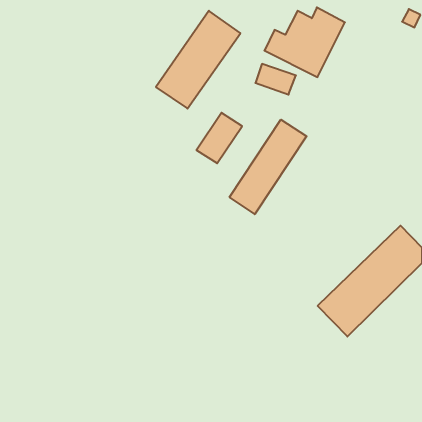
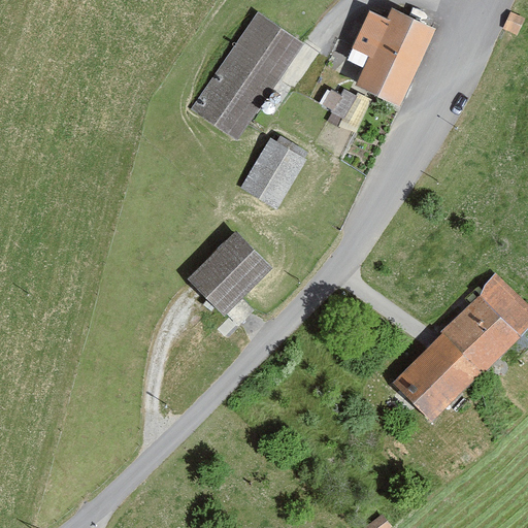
building: [230,120,307,214] -> none
building: none -> [194,238,263,306]

